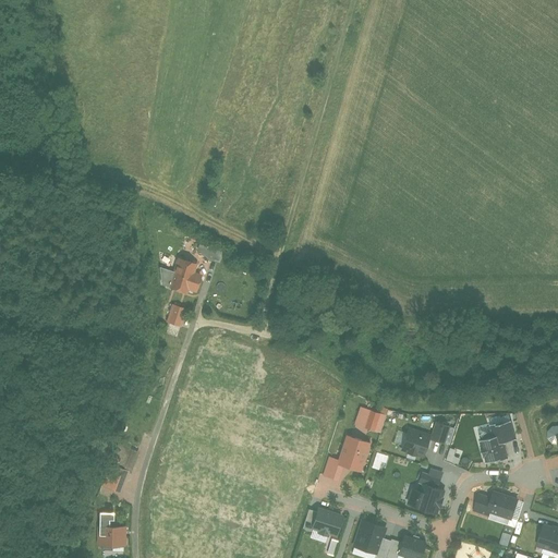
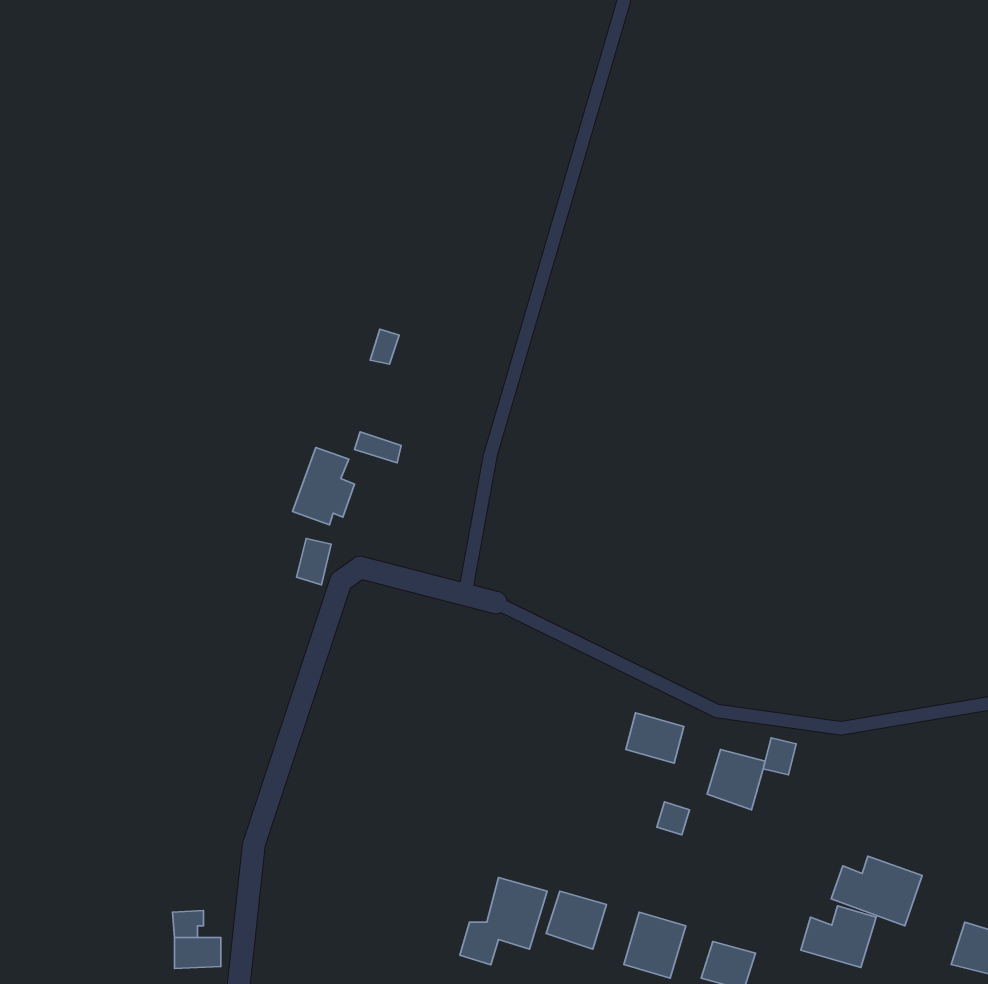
building: [476,415,514,461] -> none
building: [322,432,371,481] -> [460,878,547,965]
building: [404,480,447,514] -> [801,906,876,968]

